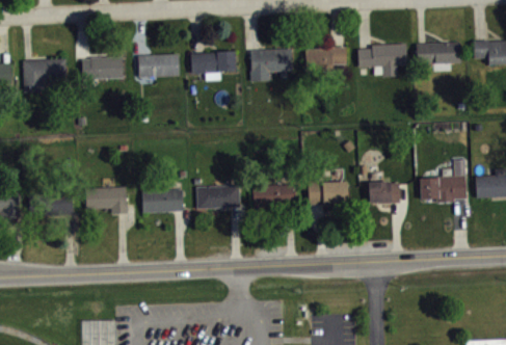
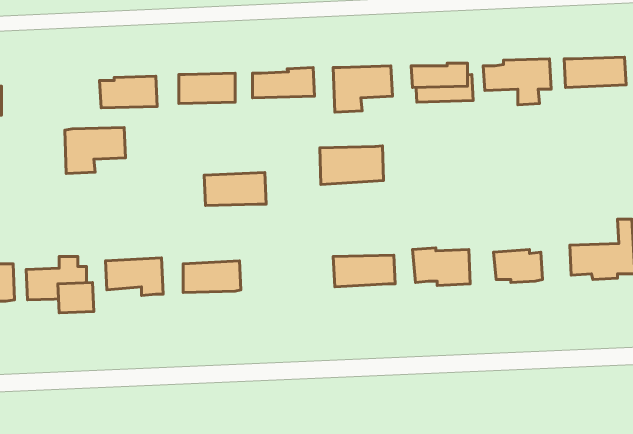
building: [23,59,66,92] -> [65,127,125,174]
building: none -> [320,146,384,184]
building: [195,185,240,209] -> [204,172,266,206]

